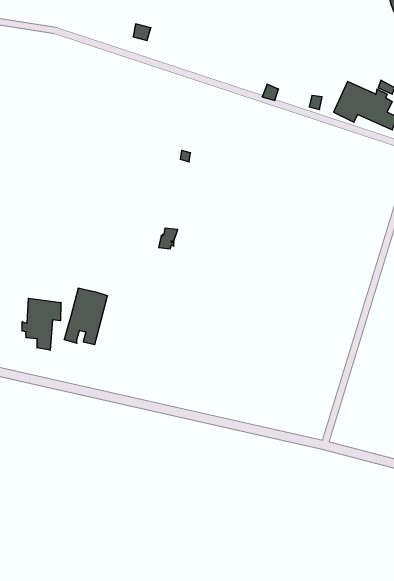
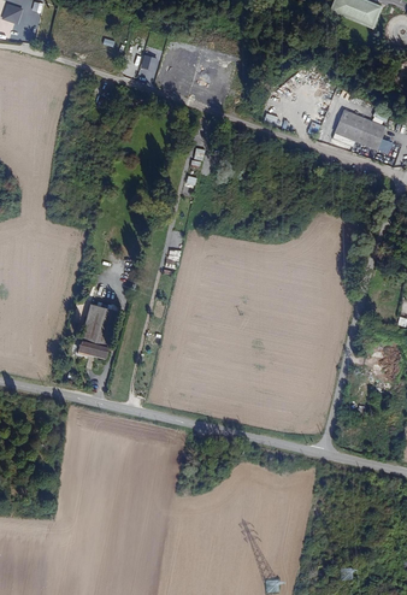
building: [22,298,61,350] -> none

